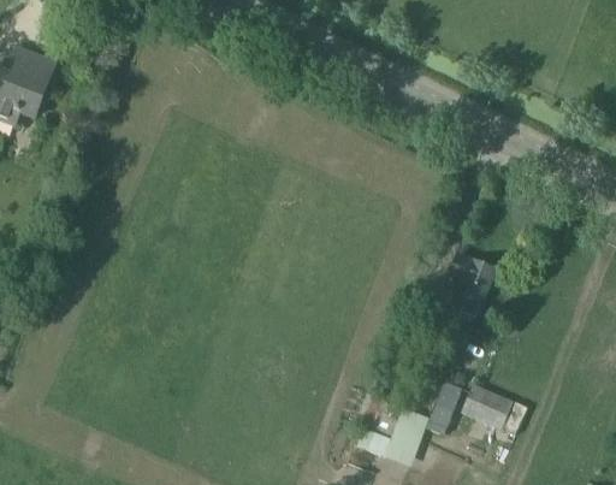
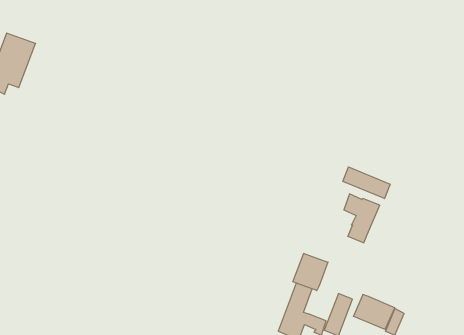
building: none -> [343,167,390,199]
building: none -> [293,253,328,291]

